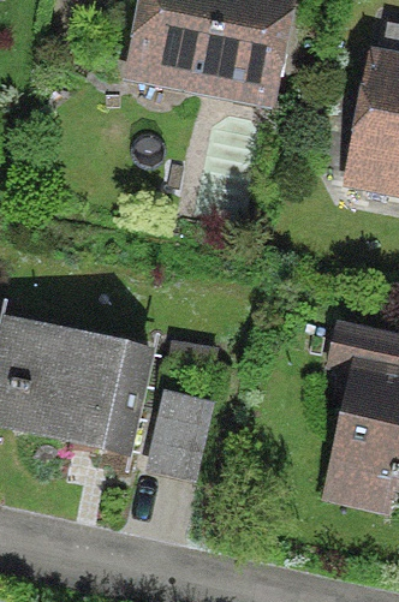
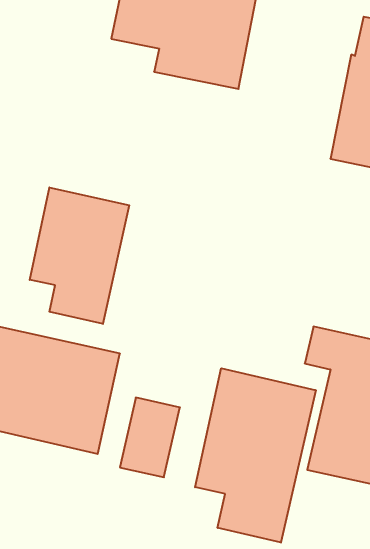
building: none -> [30,187,129,324]
building: none -> [195,368,316,543]

